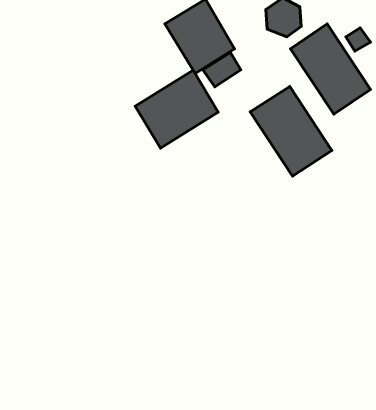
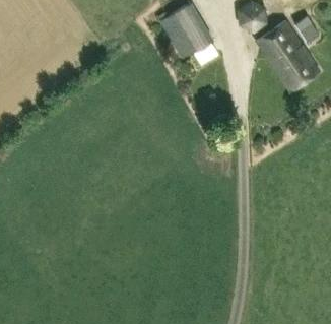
building: [135,70,218,148] -> none
building: [250,86,332,176] -> none

